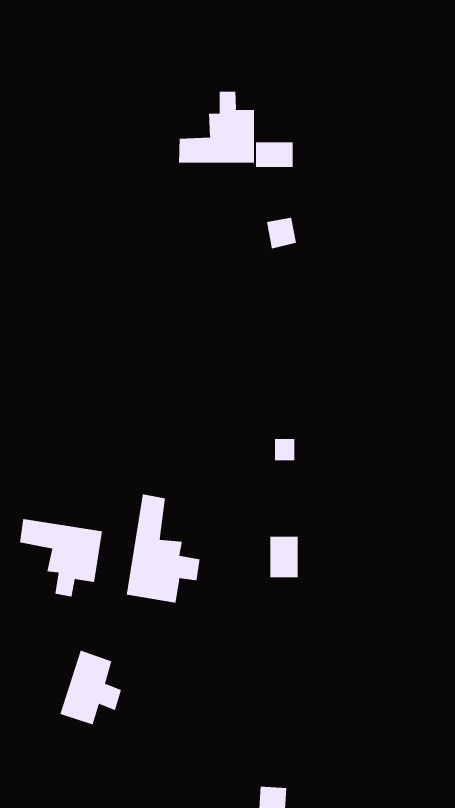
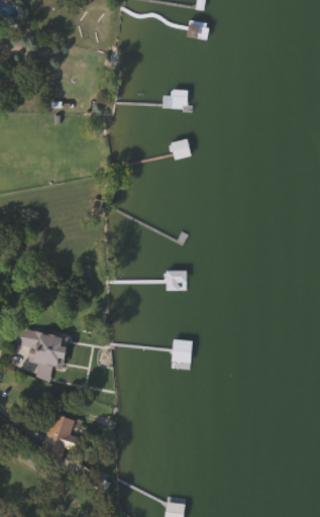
building: [178,91,255,164] -> none
building: [126,493,200,603] -> none

